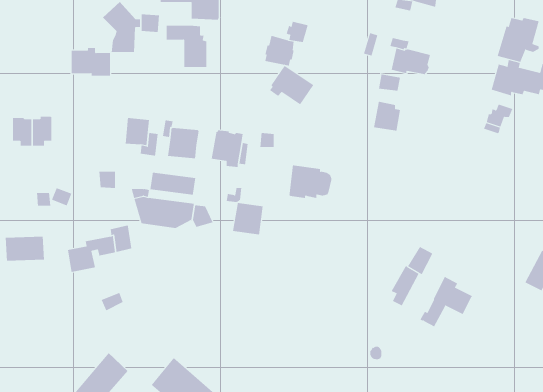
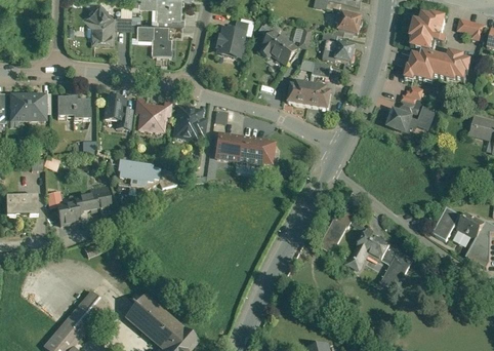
building: none -> [335,11,362,34]
building: [71,48,111,76] -> [56,96,89,120]
building: [269,65,314,105] -> [261,32,298,65]
building: none -> [288,82,312,106]
building: none -> [385,106,435,131]
building: [150,172,196,196] -> none
building: [232,202,263,237] -> [215,133,241,162]
building: none -> [380,245,412,290]

